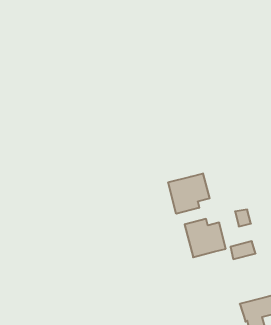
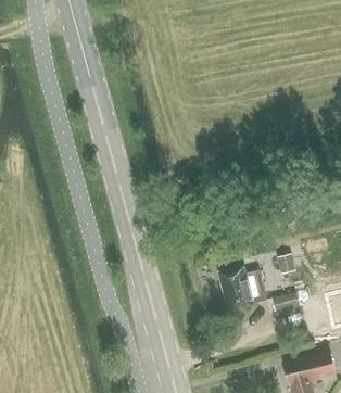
building: [168,173,210,214] -> none

